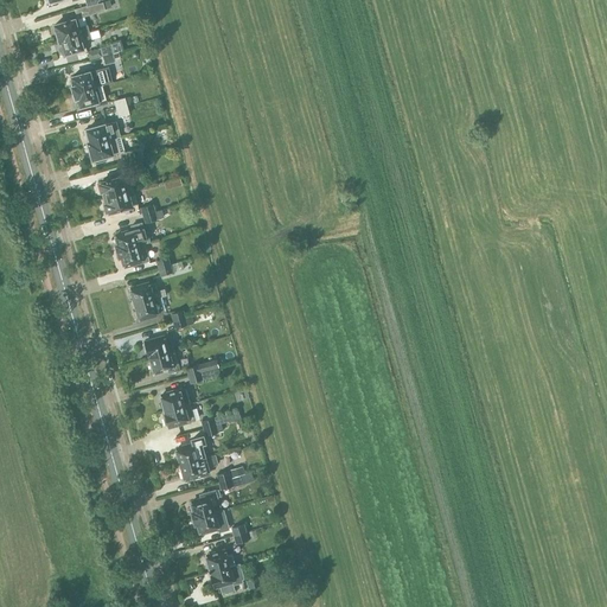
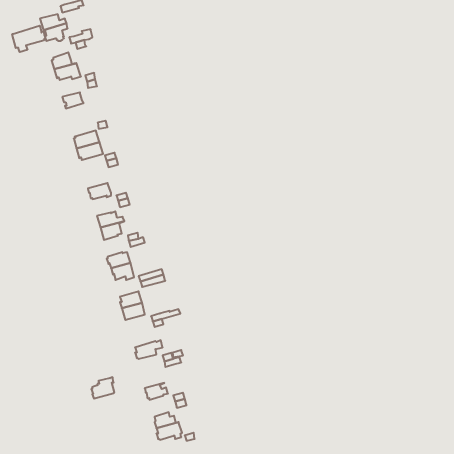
building: none -> [12,26,45,52]
building: [88,136,143,164] -> none
building: [114,223,151,251] -> none
building: [174,436,207,464] -> none
building: [190,490,221,518] -> [91,377,114,399]

